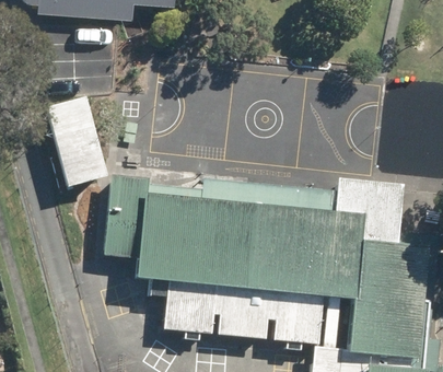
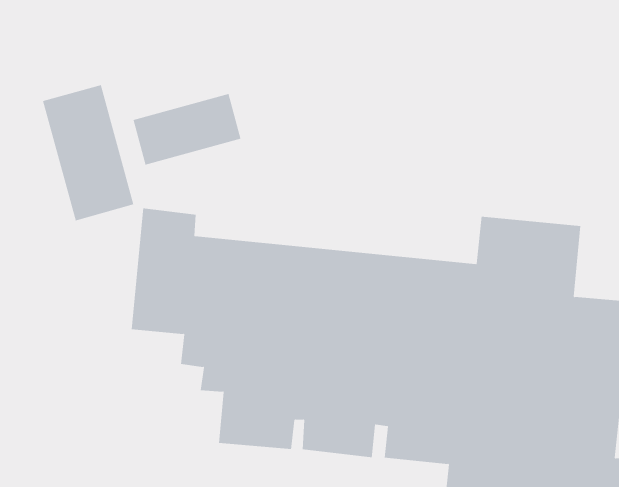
building: none -> [133,93,241,165]

